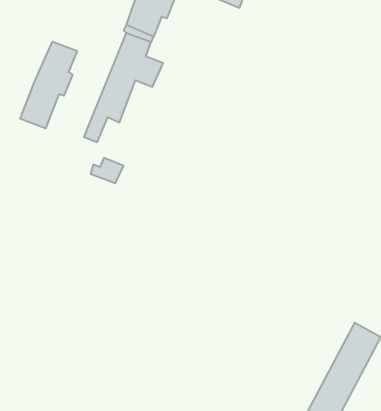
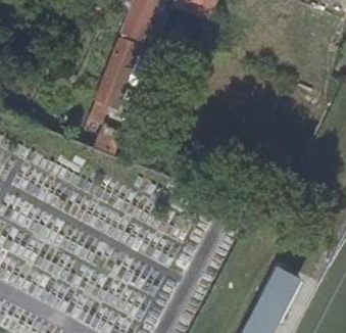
building: [20,42,77,129] -> none

